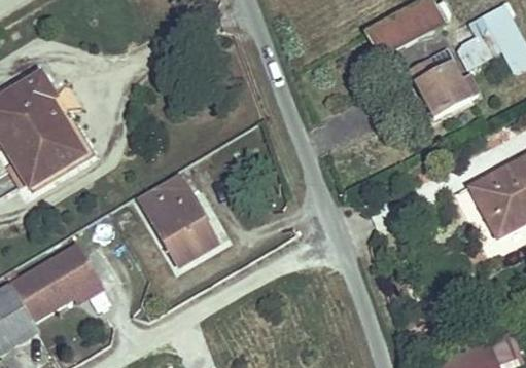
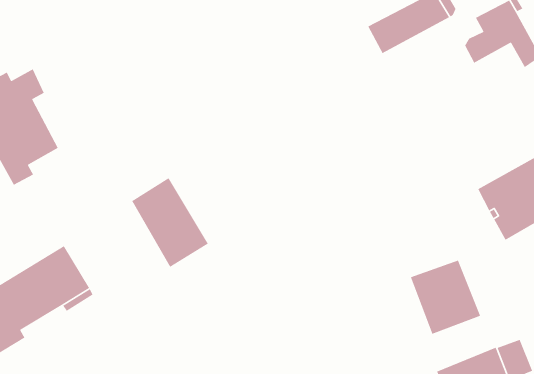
building: [409,48,478,118] -> none
building: [42,97,89,175] -> none
building: none -> [410,259,481,335]

